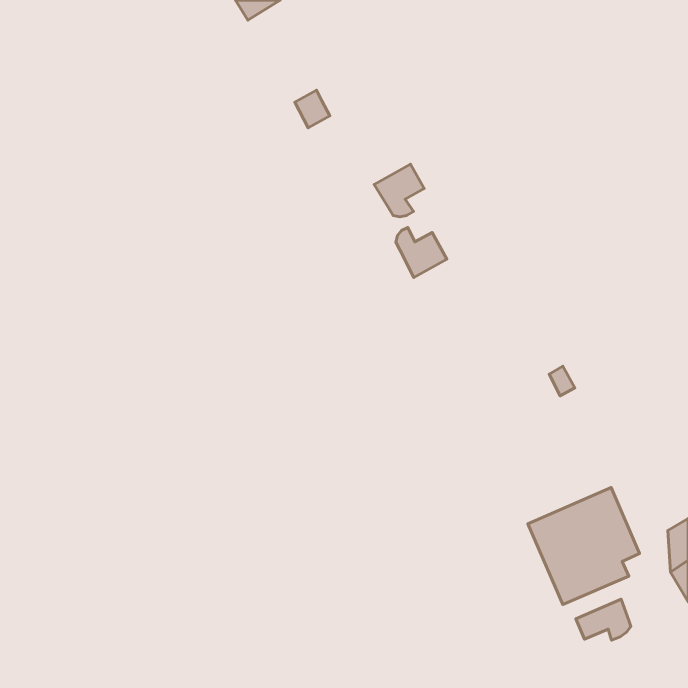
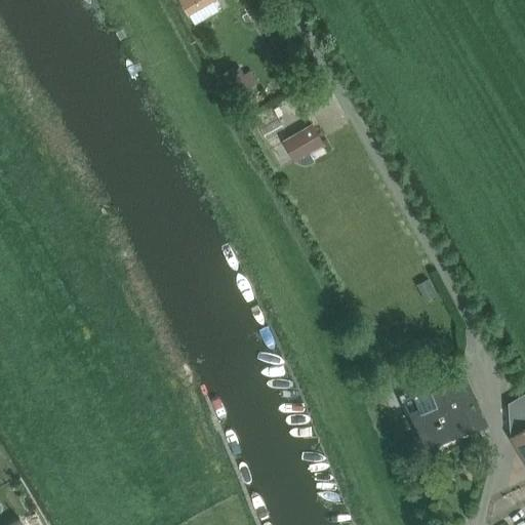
building: [396,227,447,277] -> none
building: [576,599,631,640] -> none

